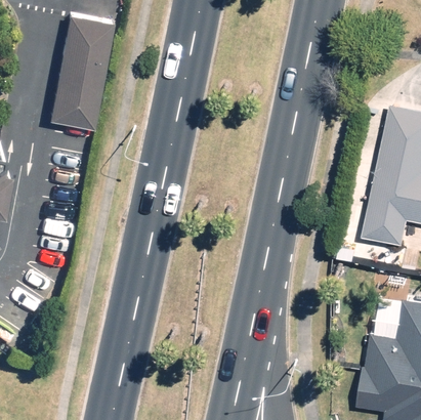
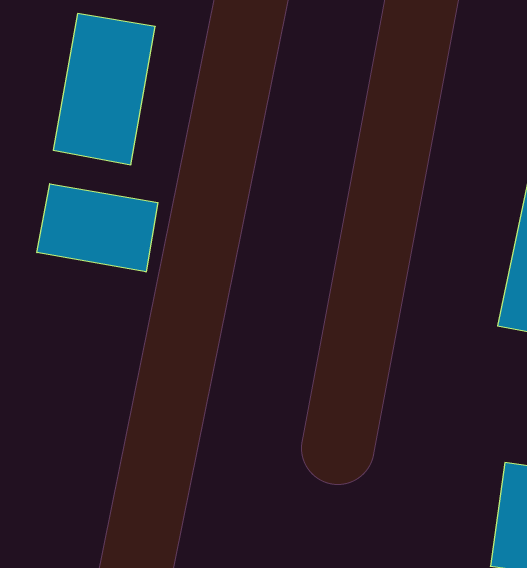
building: none -> [37,184,158,272]

